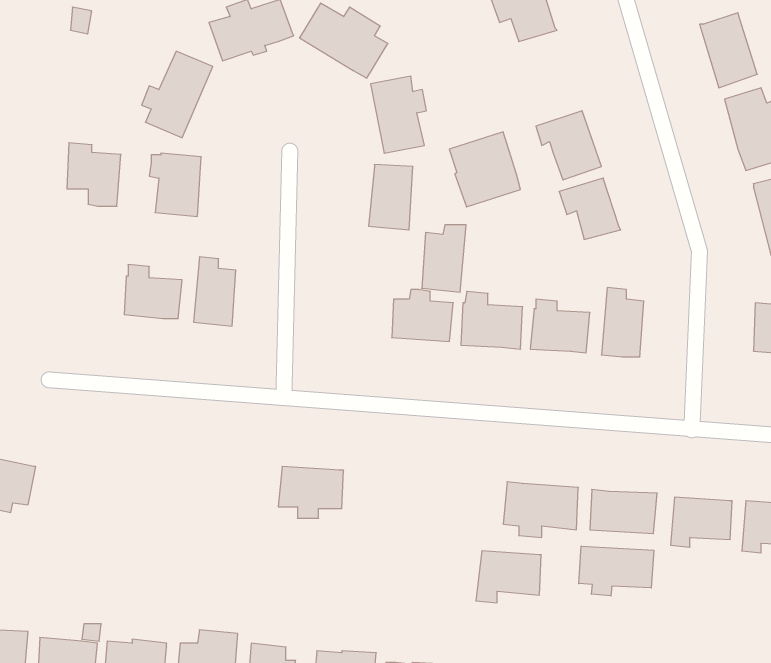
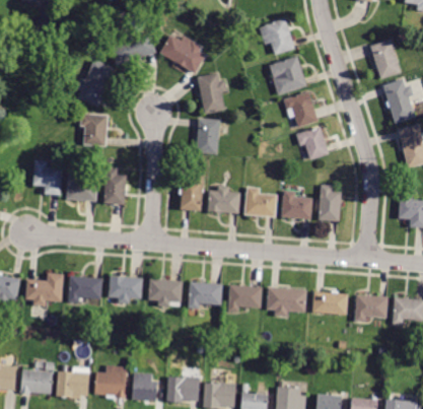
building: [449,132,520,207] -> [269,56,306,95]
building: [67,143,121,206] -> [33,161,62,195]
building: [422,225,466,292] -> [181,176,204,211]
building: none -> [26,273,63,305]
building: none -> [68,276,102,303]
building: none -> [109,276,143,303]
building: none -> [188,282,222,309]
building: [579,546,654,596] -> none
building: [476,551,541,603] -> [227,285,262,313]

